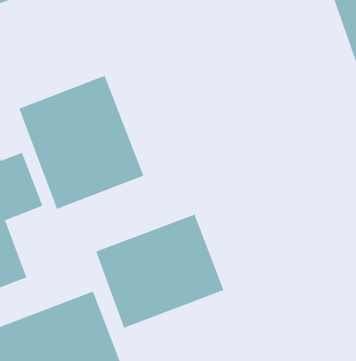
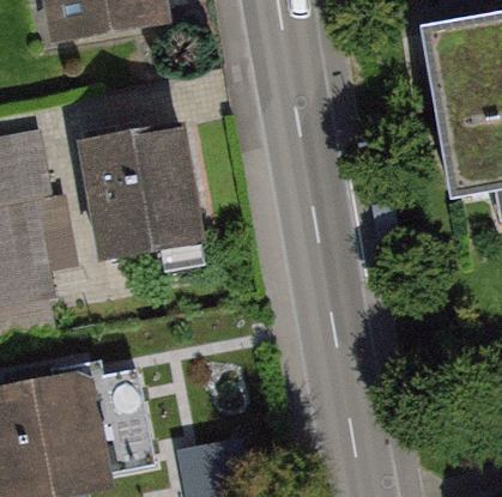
building: [95,214,224,328] -> none

